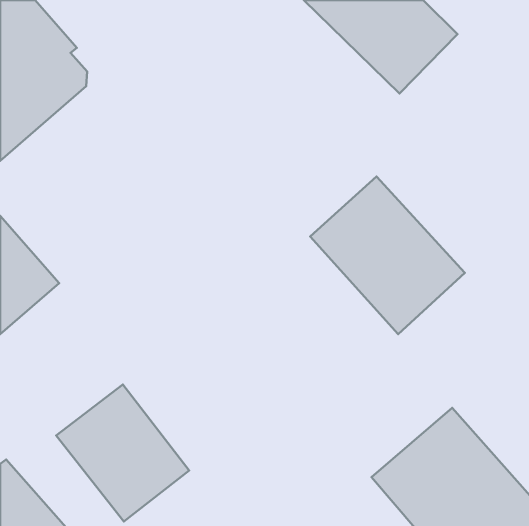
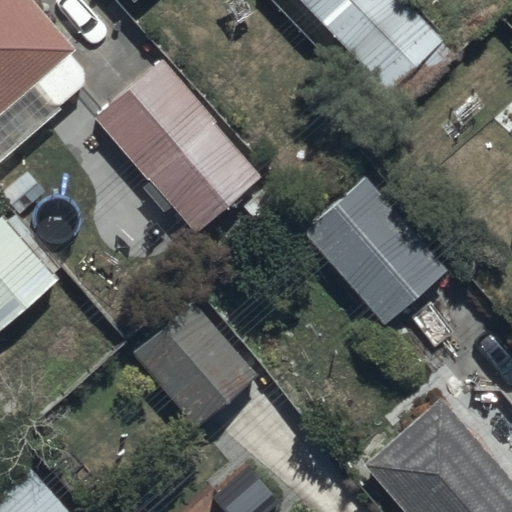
building: none -> [94,57,262,231]
building: [56,385,189,521] -> [130,299,258,431]

